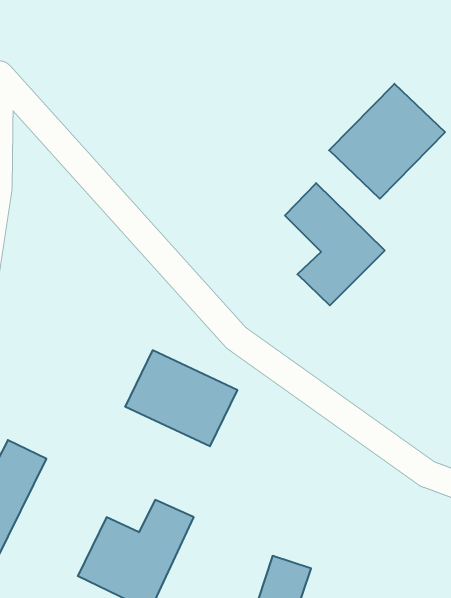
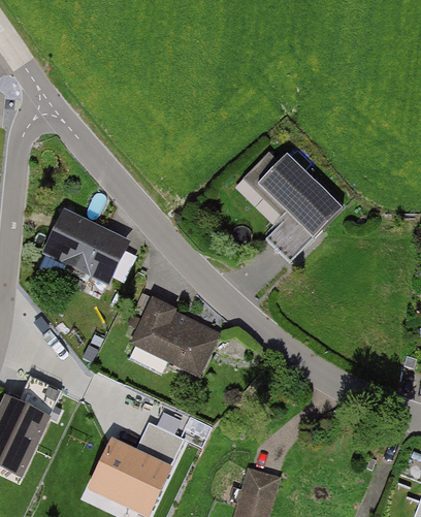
building: [329,84,445,199] -> none
building: none -> [40,203,129,280]

